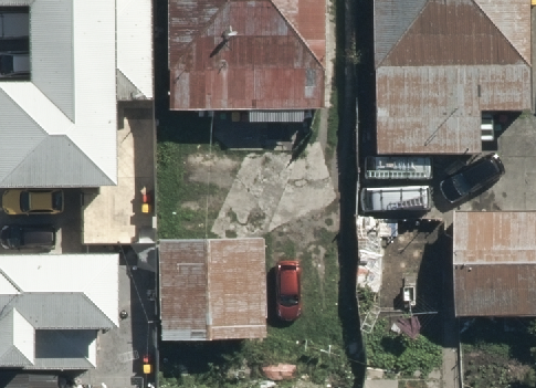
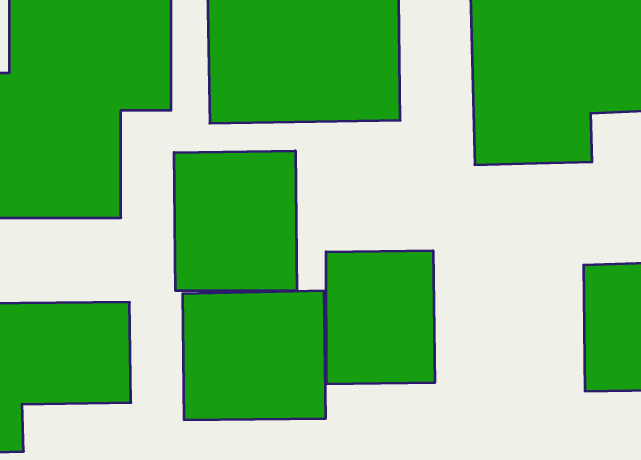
building: none -> [174,151,297,291]
building: none -> [326,251,435,384]

